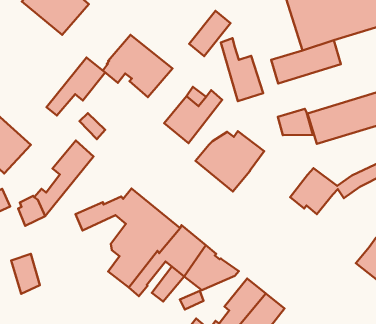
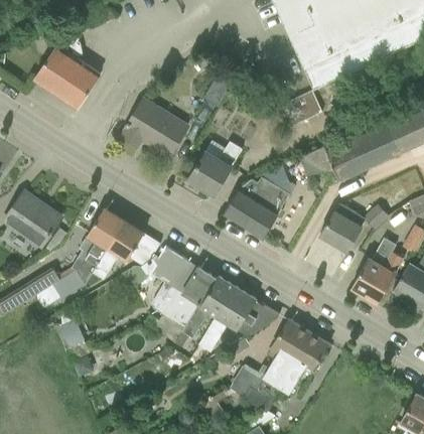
building: [221,38,263,101] -> none
building: [47,57,105,116] -> [92,221,144,281]
building: none -> [350,238,404,305]

